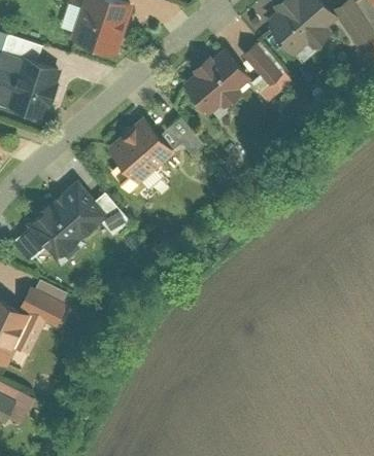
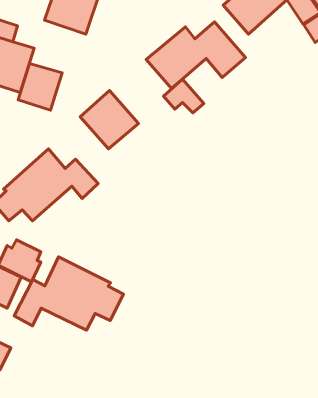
building: none -> [18,64,62,110]
building: [159,117,203,154] -> [164,79,204,113]
building: none -> [14,257,123,330]

